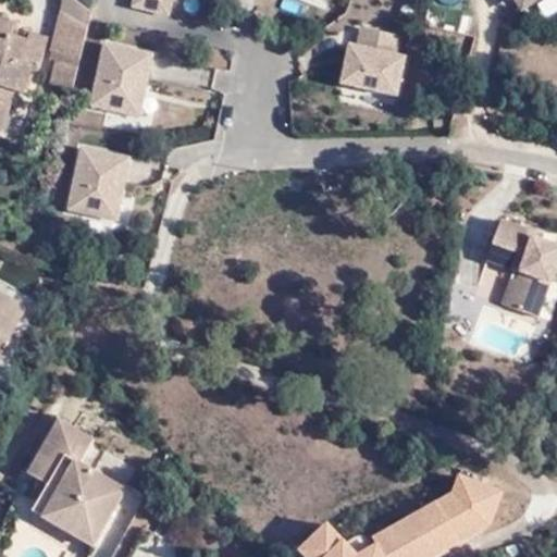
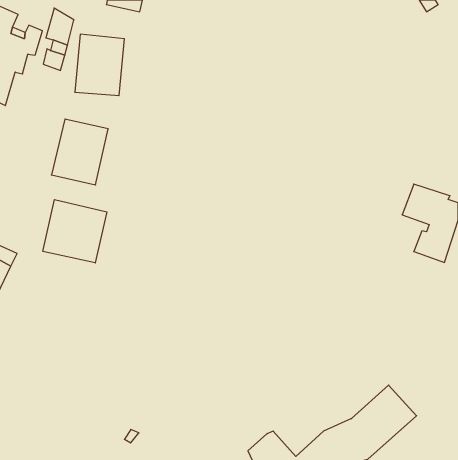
building: [334,40,407,111] -> none
building: none -> [43,200,107,263]
building: [26,418,134,540] -> none

